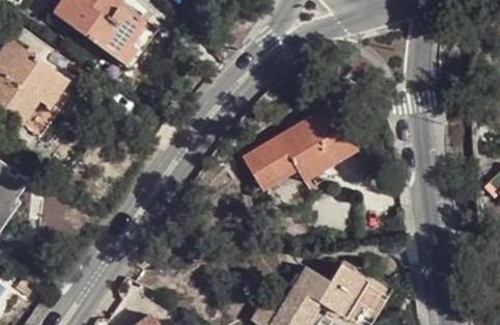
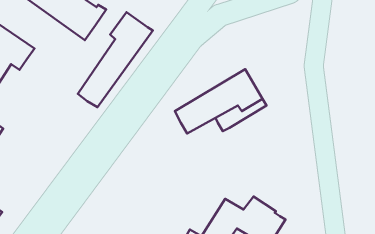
building: none -> [78,12,153,107]

